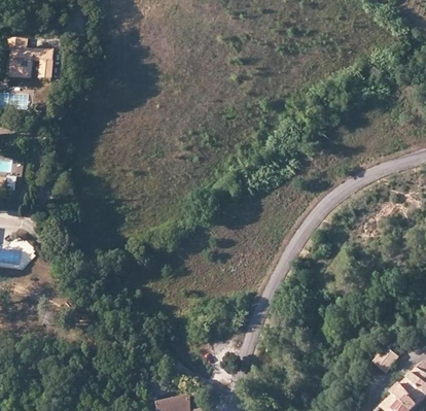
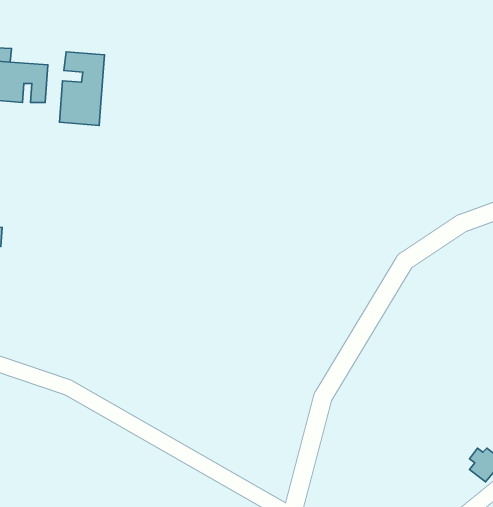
building: none -> [60,52,104,125]

